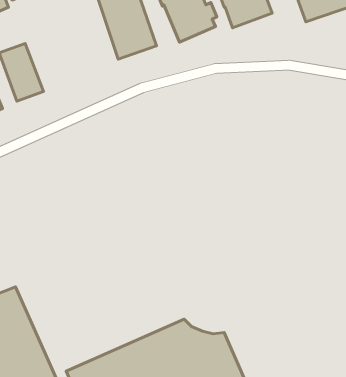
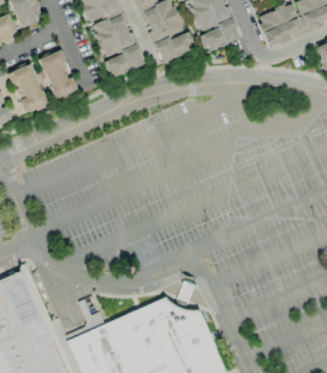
building: none -> [39,50,78,100]

